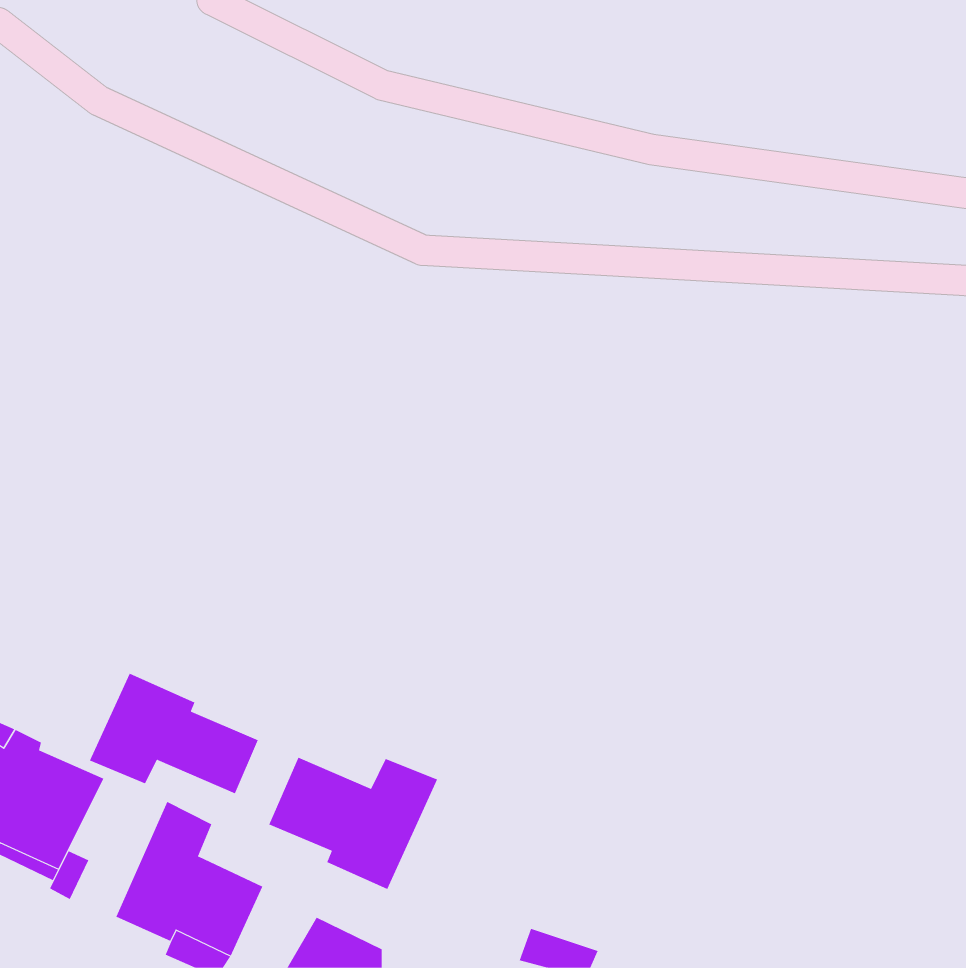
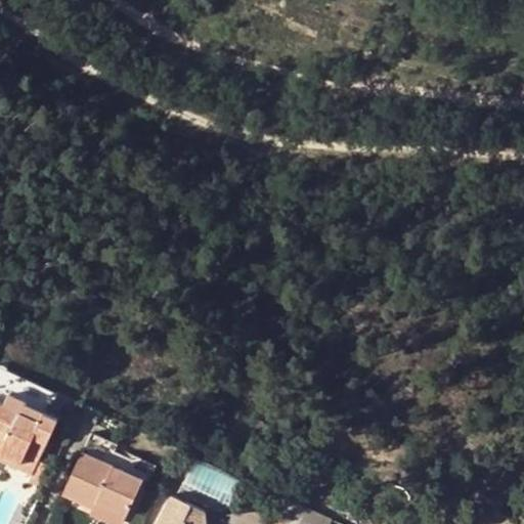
building: [89,673,259,794] -> none
building: [269,757,438,890] -> none

